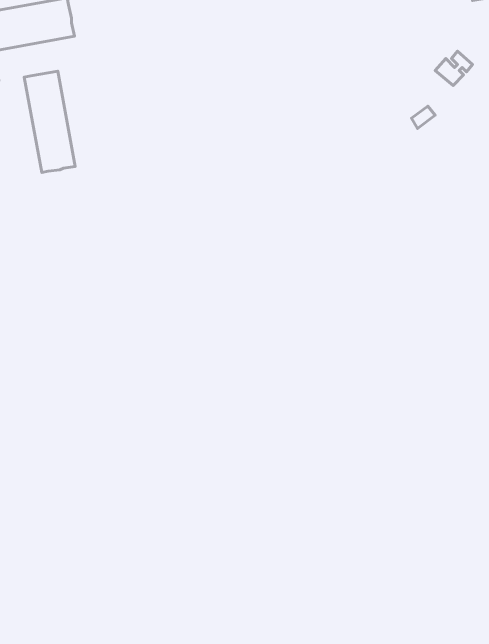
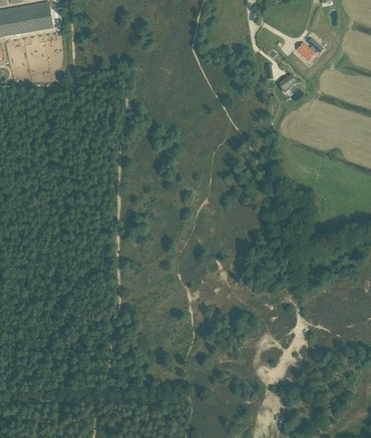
building: [24,71,75,172] -> none

